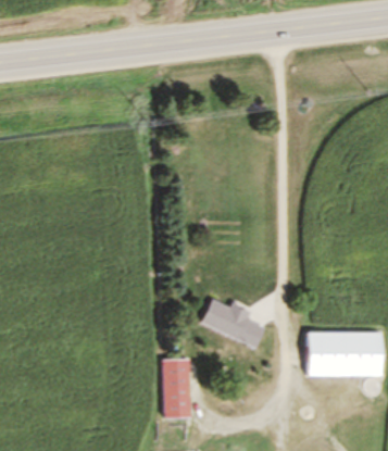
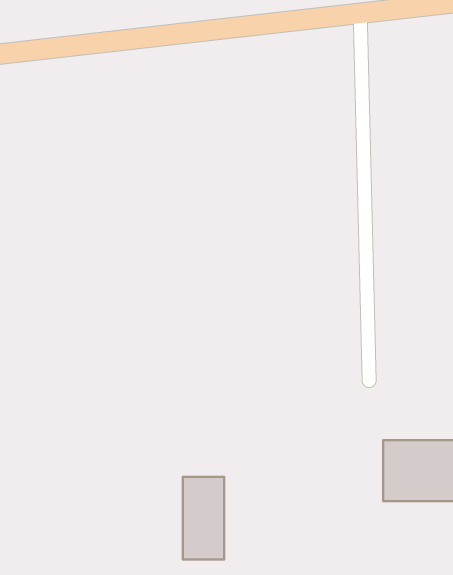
building: [201,299,268,349] -> none

